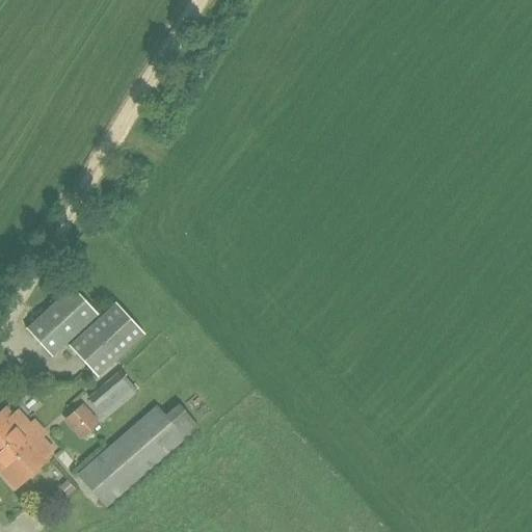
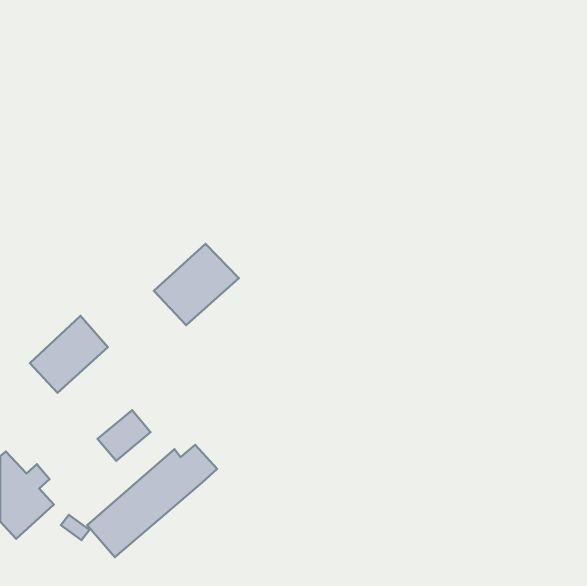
building: [69,302,145,376] -> [154,244,239,325]
building: [65,404,98,436] -> none

